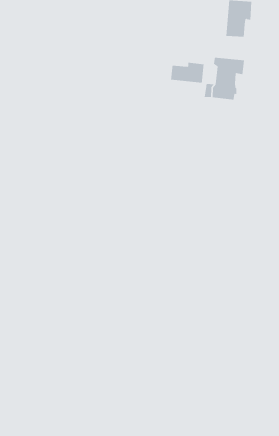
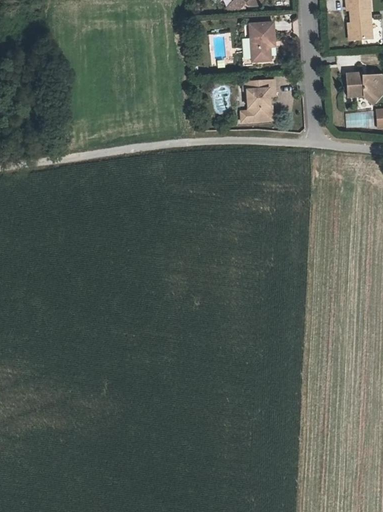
building: [170,62,204,83] -> none

